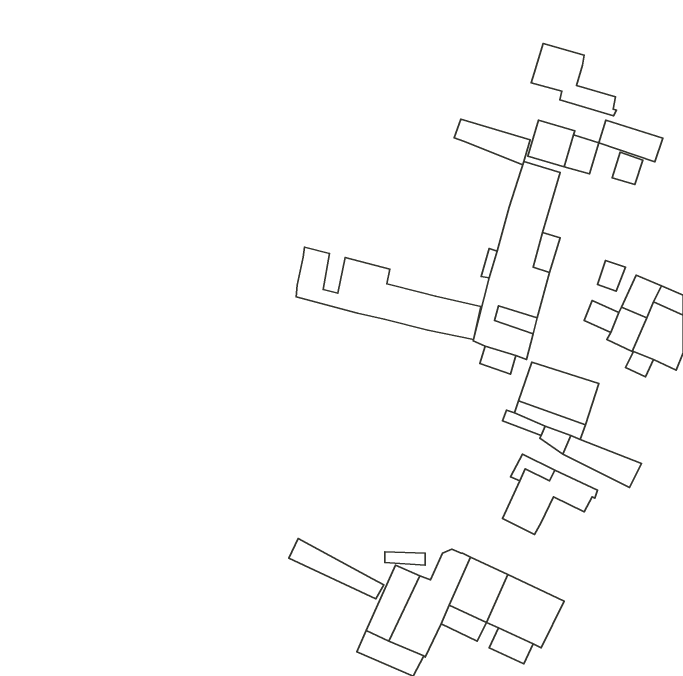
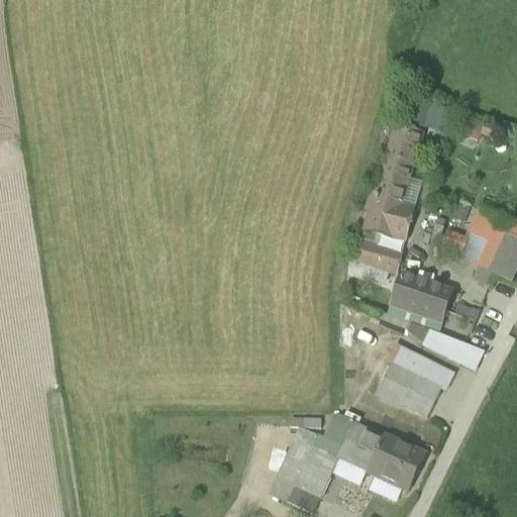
building: [531,44,616,116] -> none
building: [454,119,530,165] -> none
building: [599,120,663,162] -> none
building: [296,247,481,339] -> none
building: none -> [404,376,442,416]
building: [289,539,384,599] -> none

